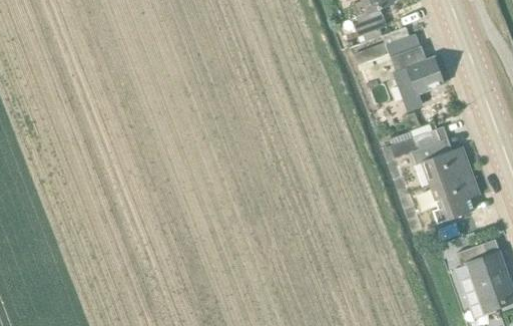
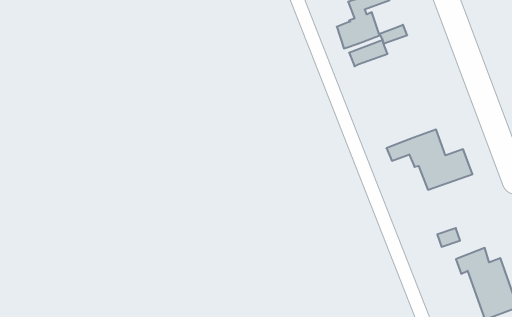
building: [391,48,446,109] -> none
building: [430,171,482,223] -> none

